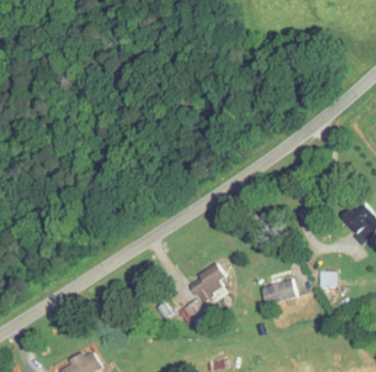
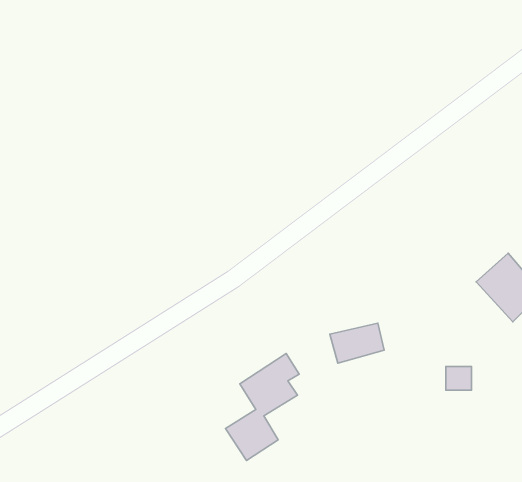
building: [262,278,297,304] -> [330,323,384,363]

